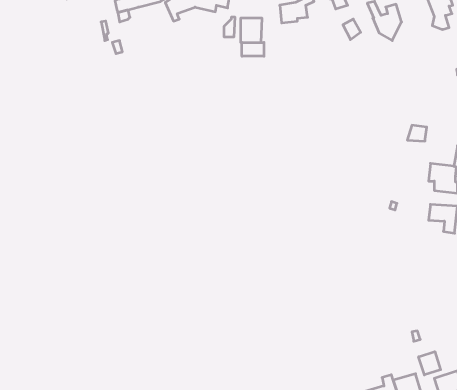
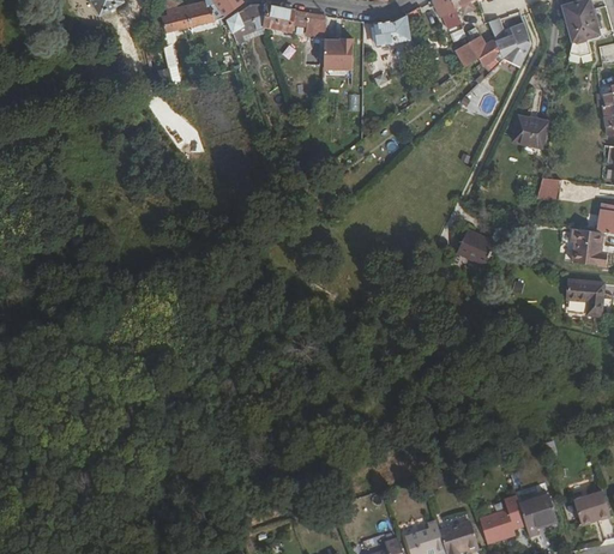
building: none -> [468,26,502,70]
building: [242,42,264,56] -> none
building: none -> [512,114,548,146]
building: none -> [457,229,495,264]
building: [419,352,441,375] -> none

